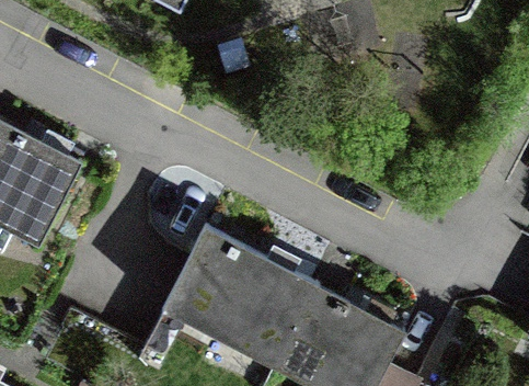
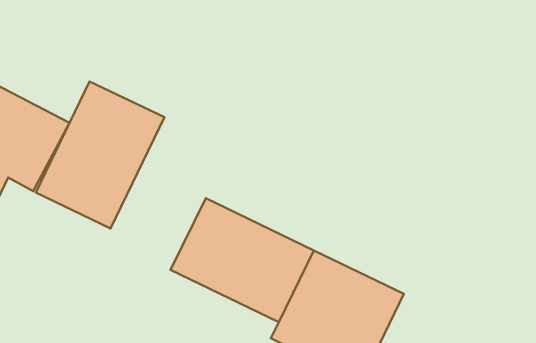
building: none -> [36,81,164,228]

